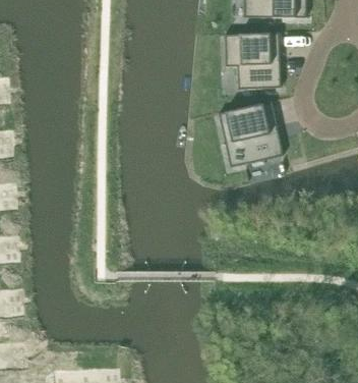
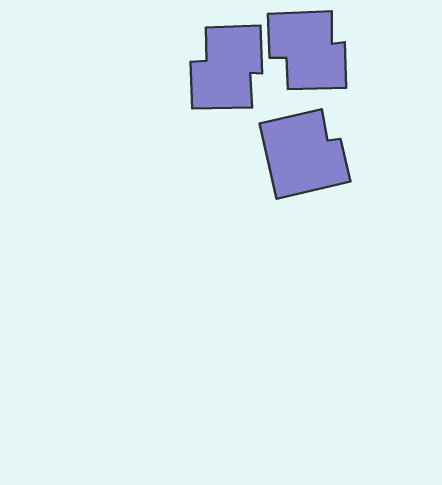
building: none -> [191,25,262,108]

